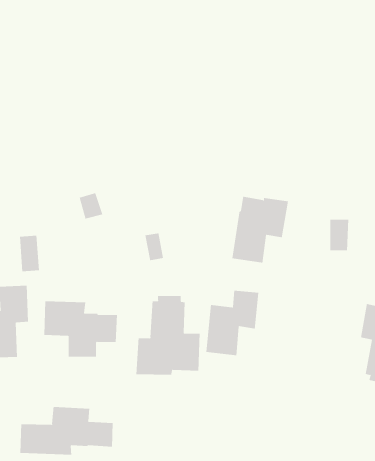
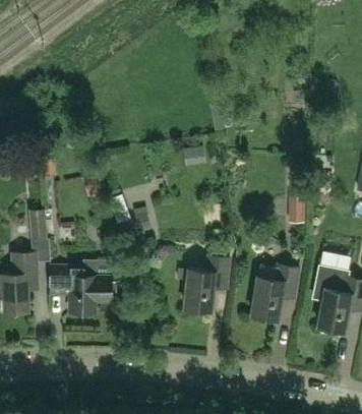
building: [231,196,289,263] -> [251,264,299,320]
building: [136,295,200,376] -> none
building: [20,406,113,456] -> none

